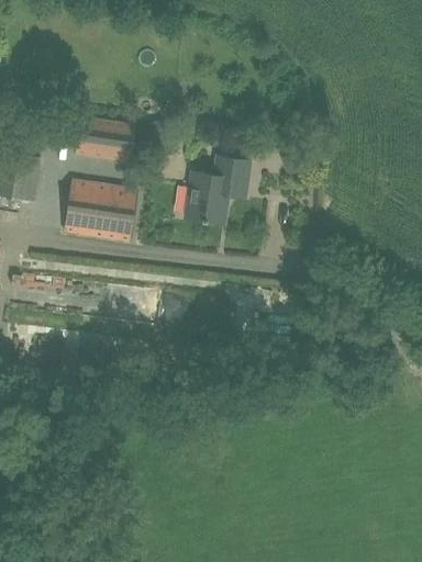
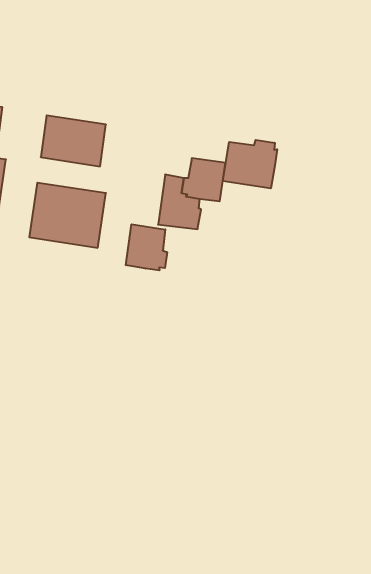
building: none -> [223,140,277,188]
building: none -> [126,224,167,270]

